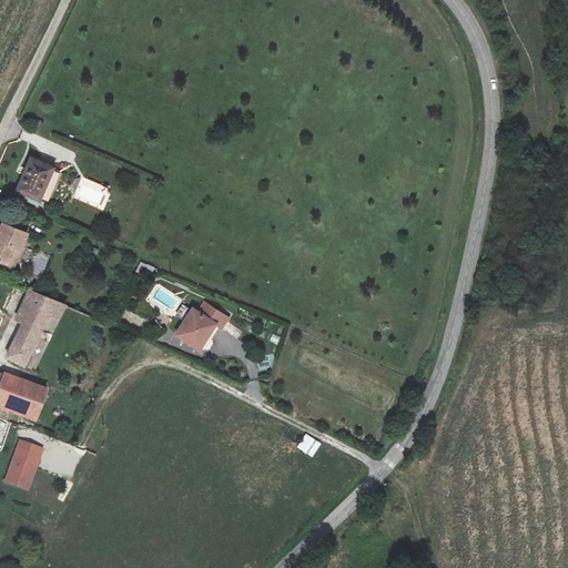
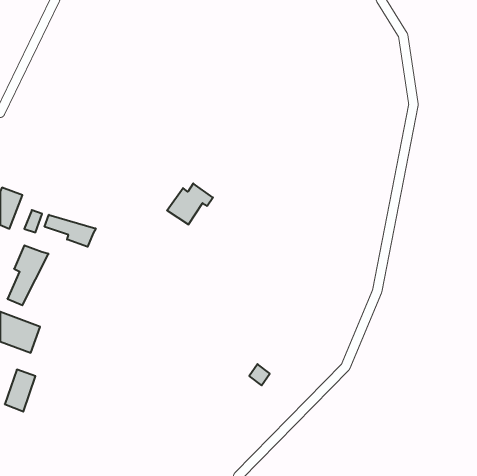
building: [18,158,53,199] -> none
building: none -> [45,215,96,247]
building: [174,301,229,349] -> [167,183,213,224]

